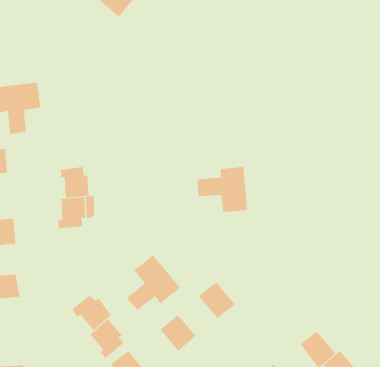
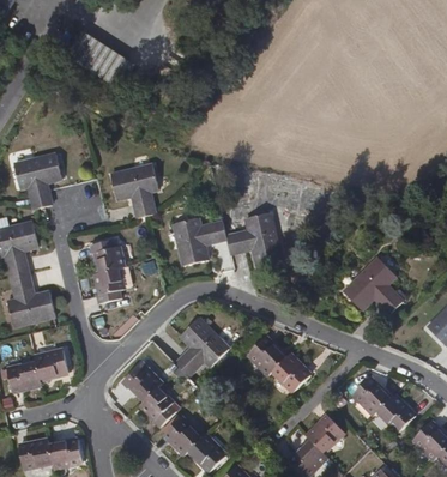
building: none -> [115,163,163,216]
building: none -> [176,217,229,265]
building: none -> [348,261,406,315]
building: [160,314,196,352] -> [267,355,304,392]

